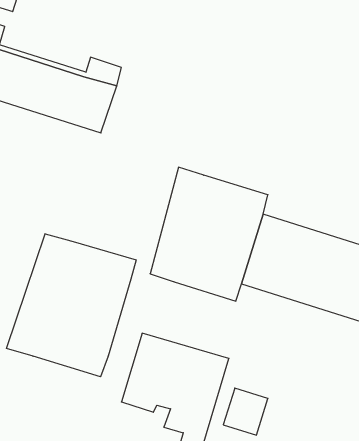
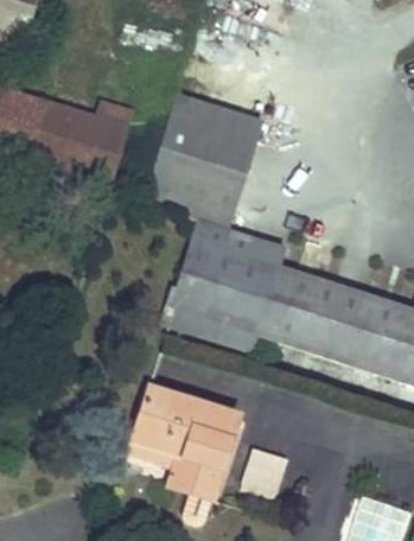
building: none -> [145,91,265,227]
building: [6,234,136,377] -> none

